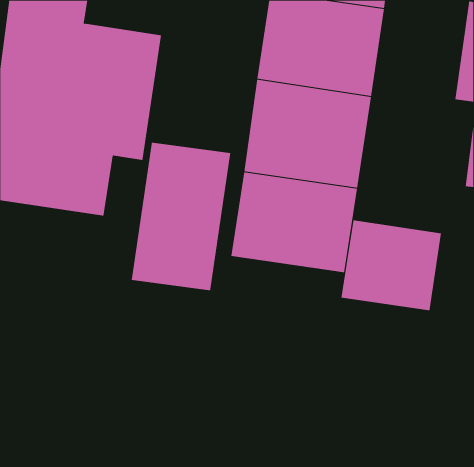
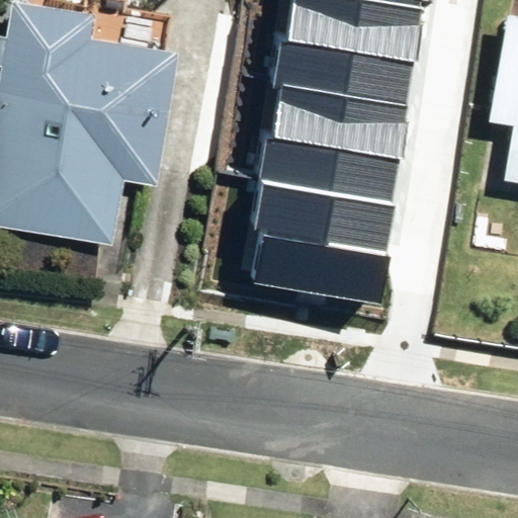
building: [131,142,231,291] -> none
building: [341,219,441,311] -> none

